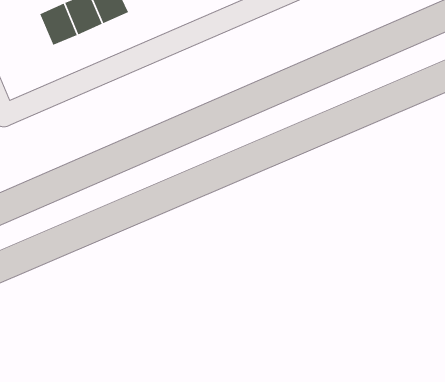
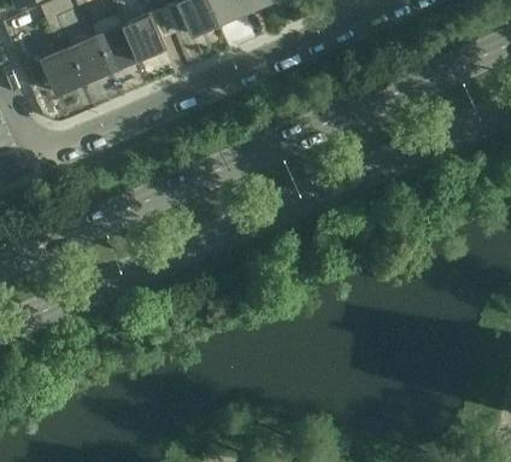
building: none -> [41,49,83,95]

